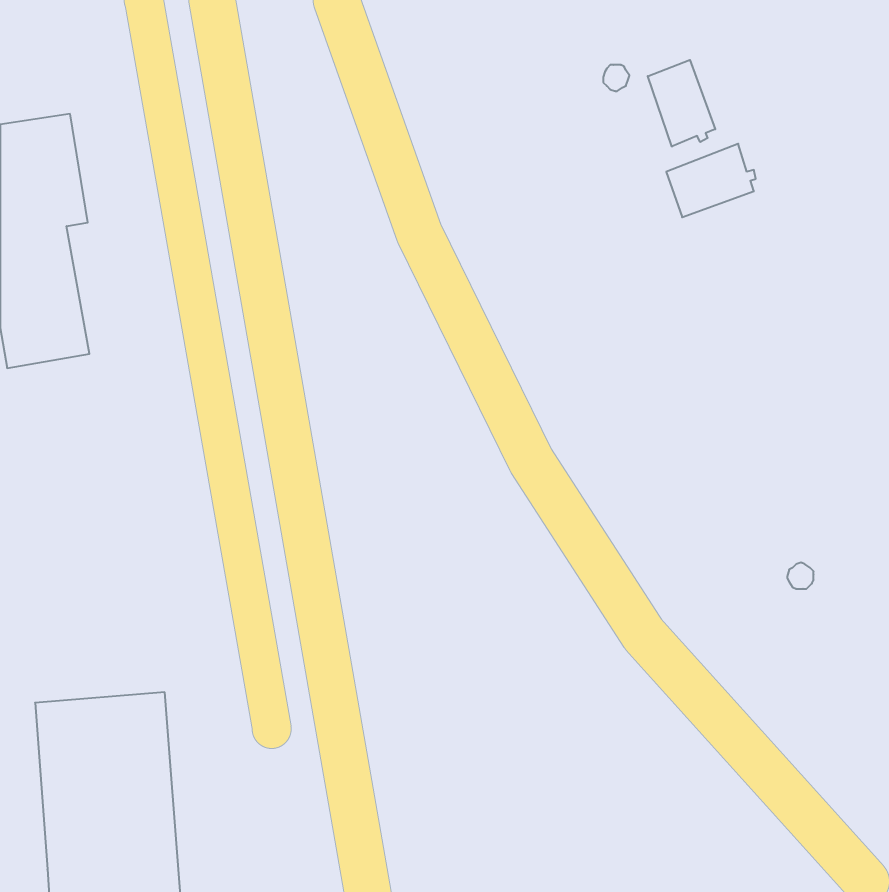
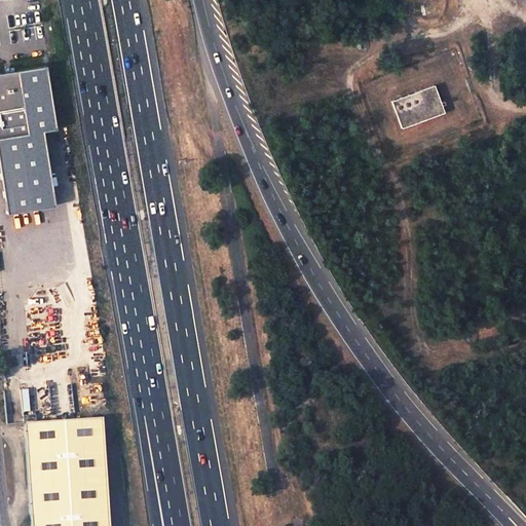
building: [648,60,715,147] -> none

